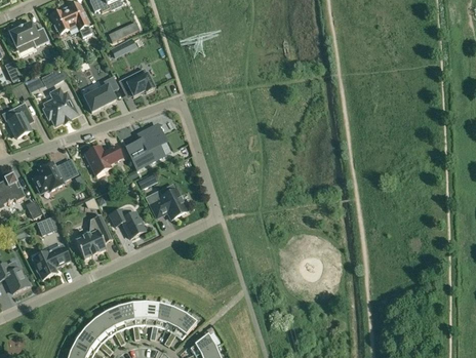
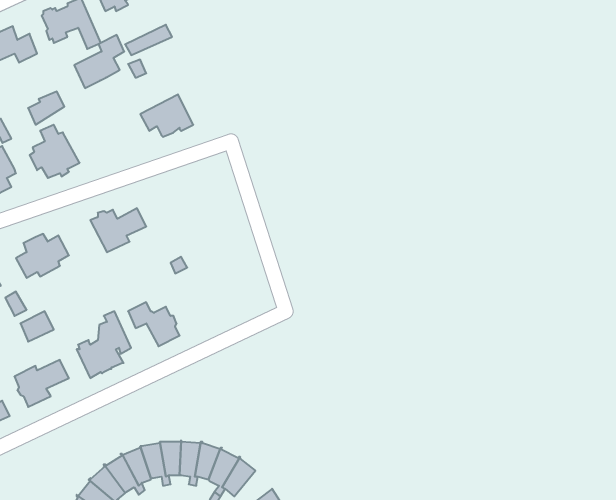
building: [84,75,118,111] -> [74,35,124,88]
building: [126,123,166,164] -> none
building: [147,188,187,217] -> none

